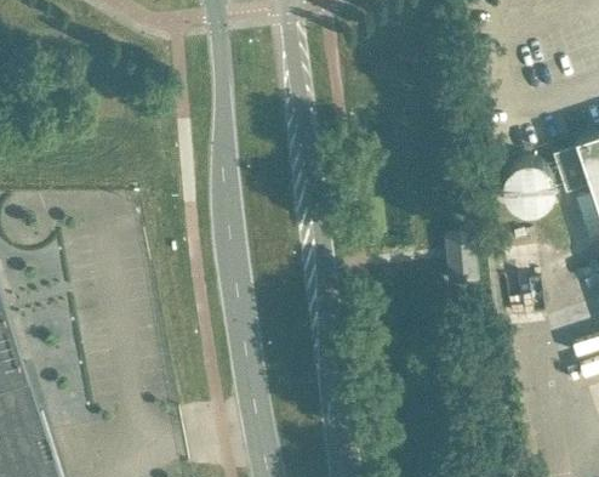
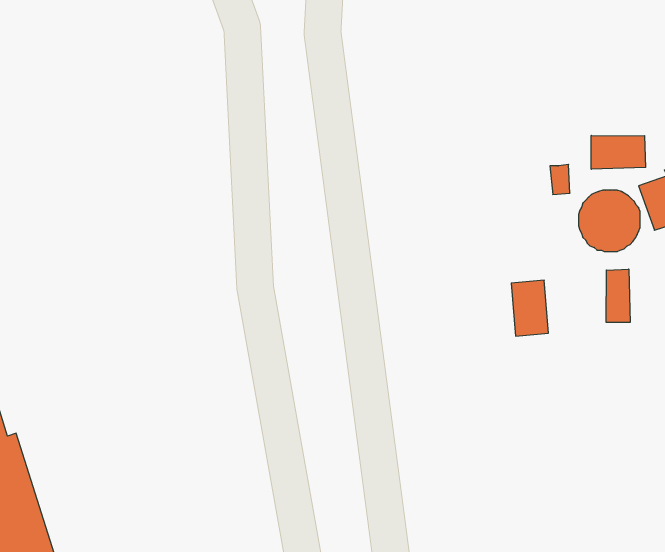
building: none -> [591,135,646,169]
building: none -> [606,269,630,322]

